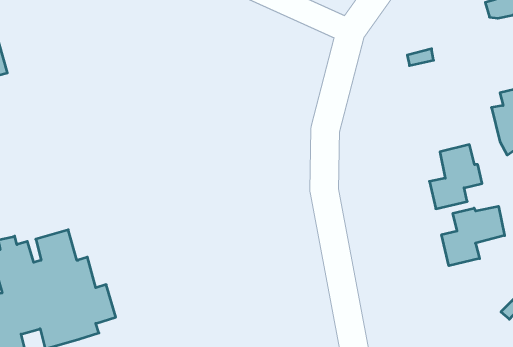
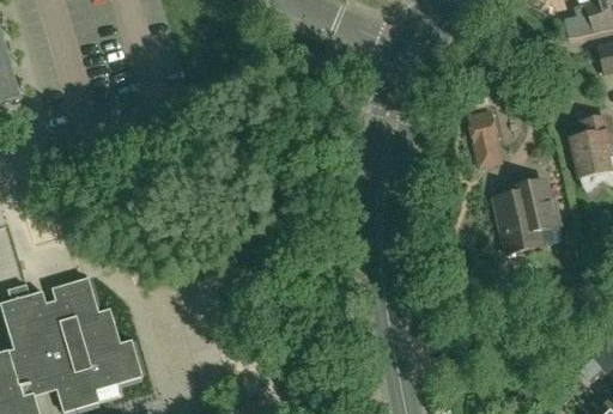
building: none -> [469,110,504,171]
building: [442,206,505,266] -> none

